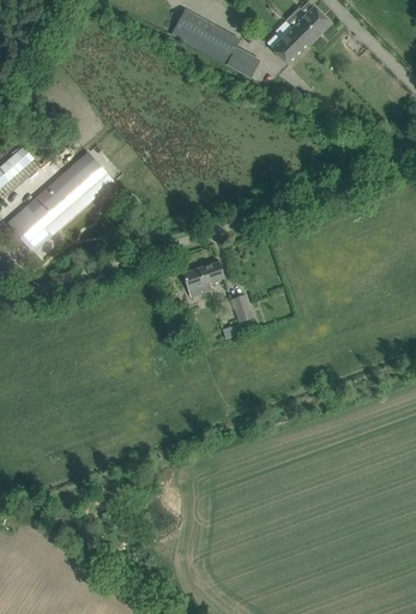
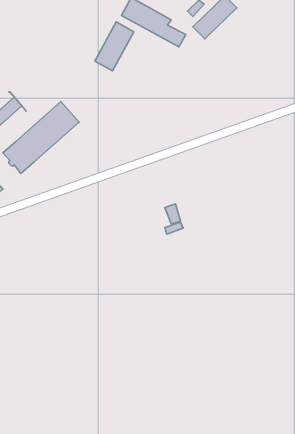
building: none -> [95,22,134,71]
building: [181,259,223,296] -> none

